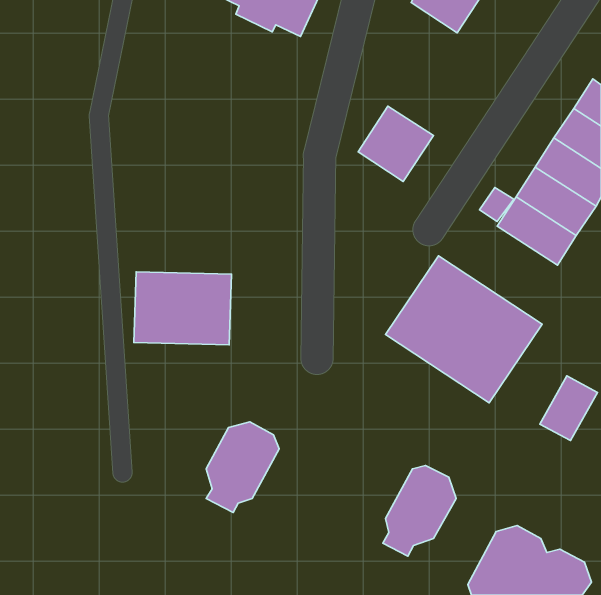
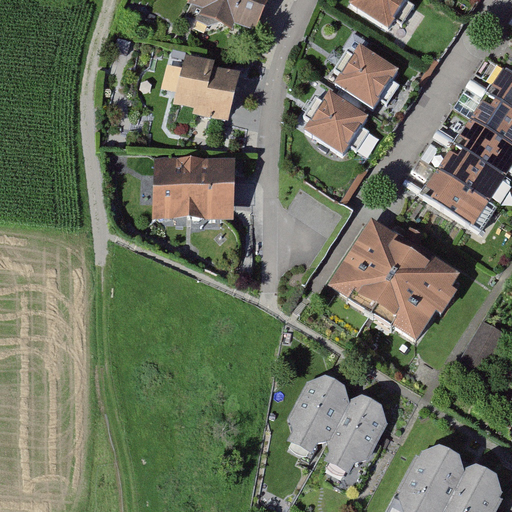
building: none -> [333,43,399,108]
building: none -> [164,53,240,122]
building: [134,272,232,345] -> [152,156,235,218]
building: [206,422,279,512] -> [288,375,350,452]

